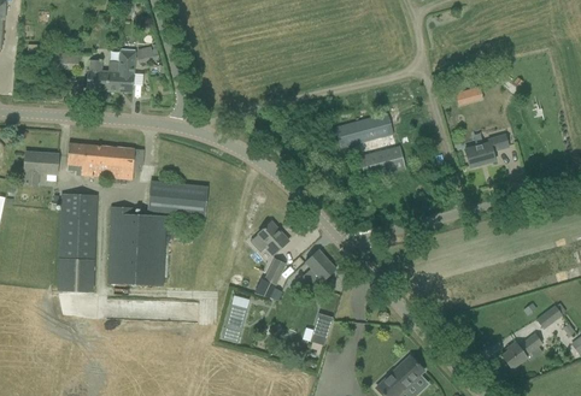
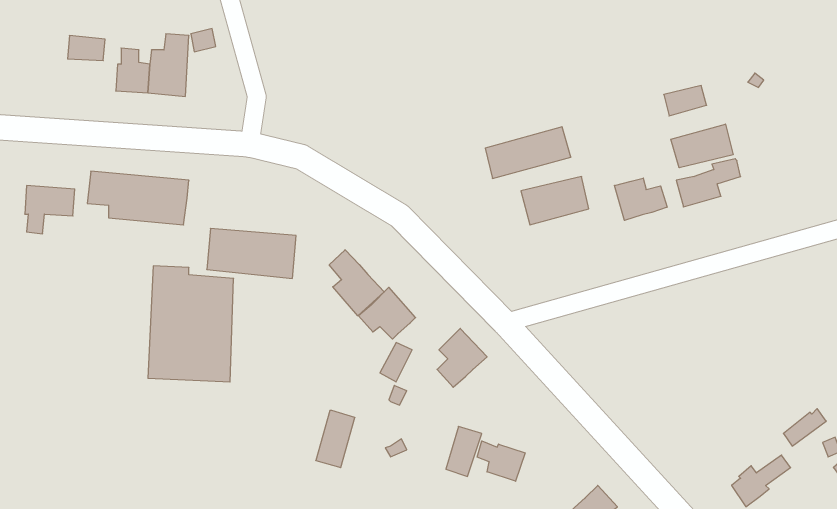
building: none -> [671,124,733,168]
building: none -> [614,178,667,220]
building: [57,193,98,291] -> none
building: none -> [329,250,384,316]
building: none -> [477,441,525,481]

